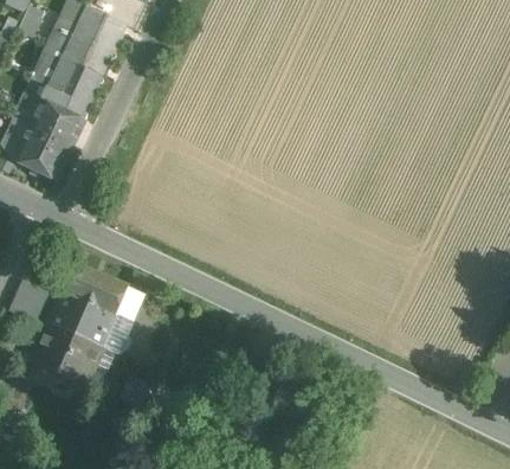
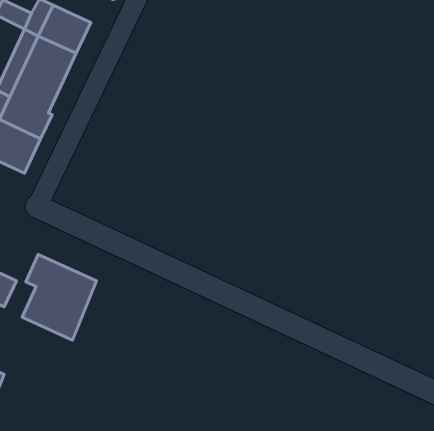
building: [34,330,103,392] -> none

